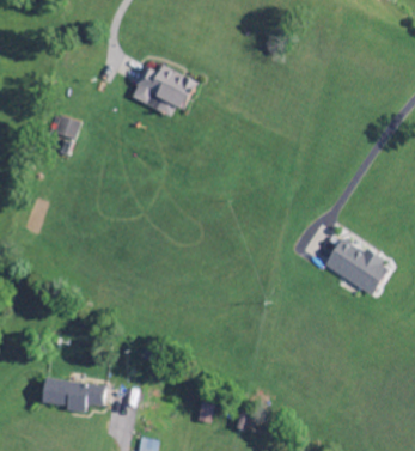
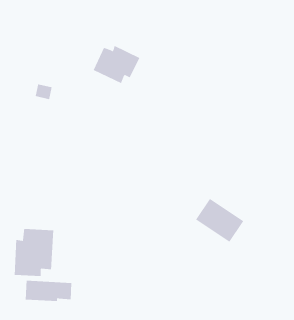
building: [323,236,389,295] -> [195,198,244,243]
building: none -> [14,228,54,277]

